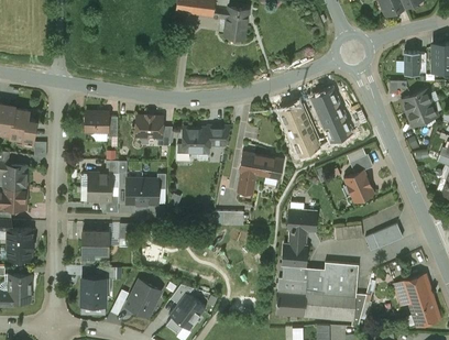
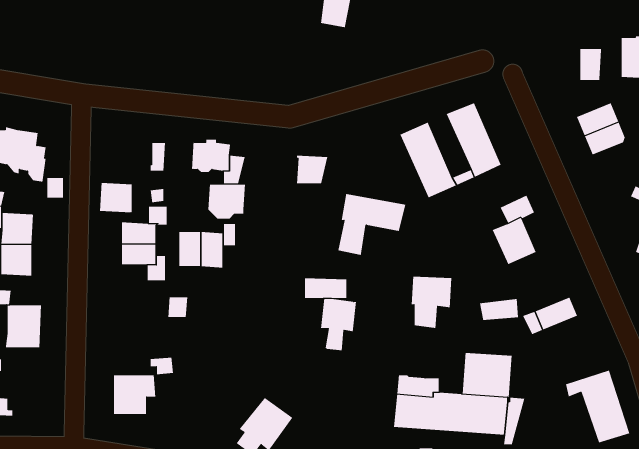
building: [85,112,108,133] -> [99,183,133,213]
building: [183,129,209,153] -> [208,184,246,219]
building: [81,232,109,254] -> none
building: [282,244,307,281] -> [320,298,357,351]
building: [9,275,31,303] -> none
building: [125,281,162,318] -> none

